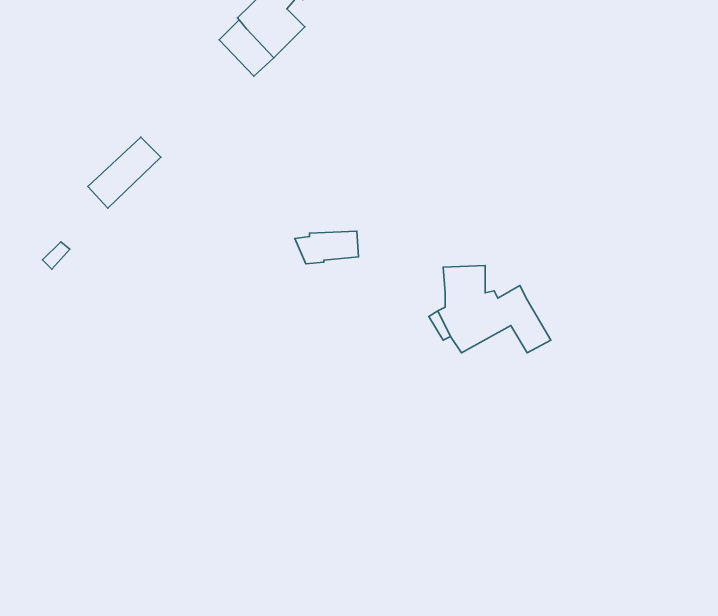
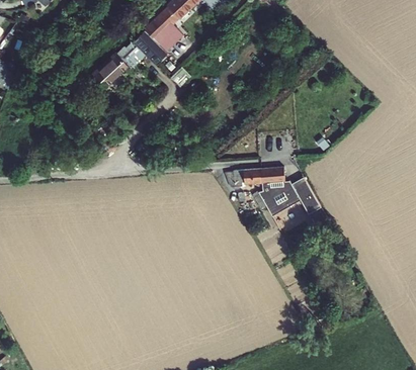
building: [88,137,161,208] -> [94,48,135,87]
building: [295,231,359,264] -> [227,168,262,186]

